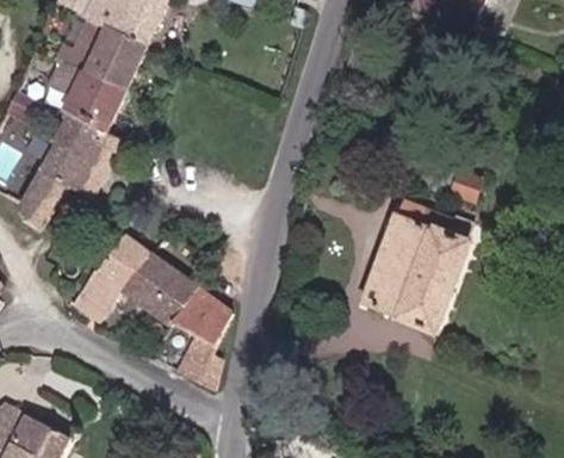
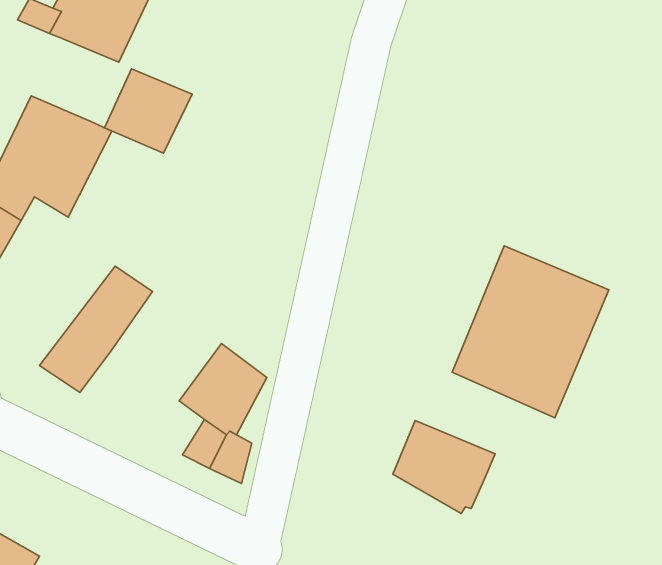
building: [62,69,124,129] -> [104,69,192,153]
building: [118,249,197,327] -> none
building: none -> [393,420,495,513]

